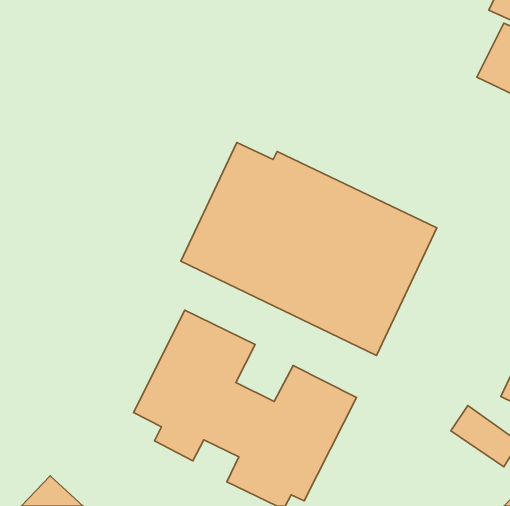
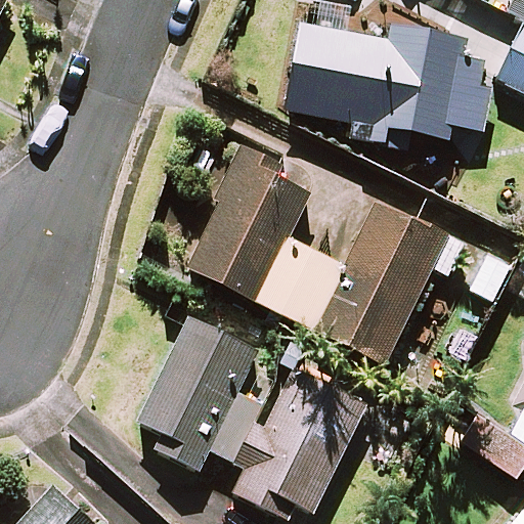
building: none -> [276,25,485,146]

